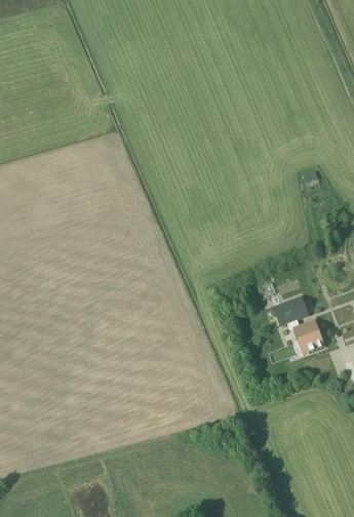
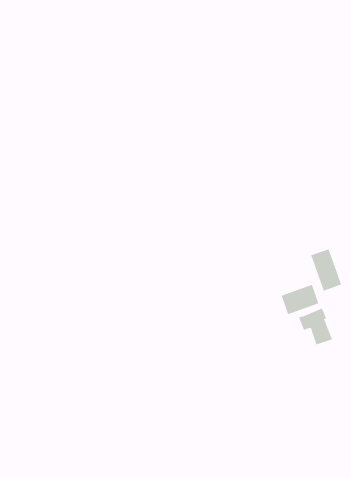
building: none -> [311,248,342,291]

